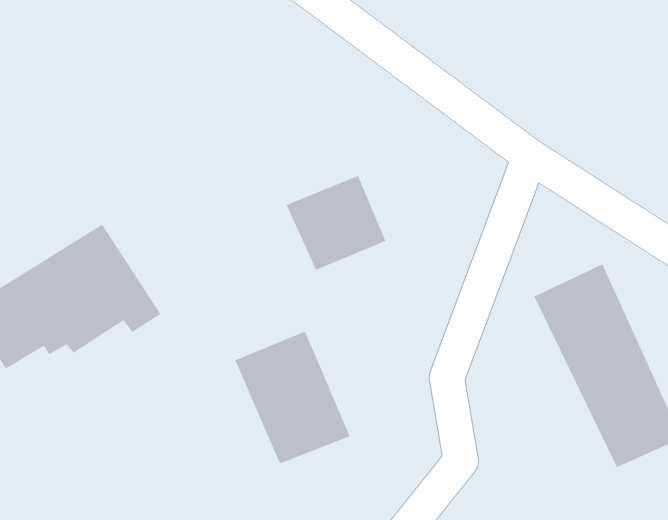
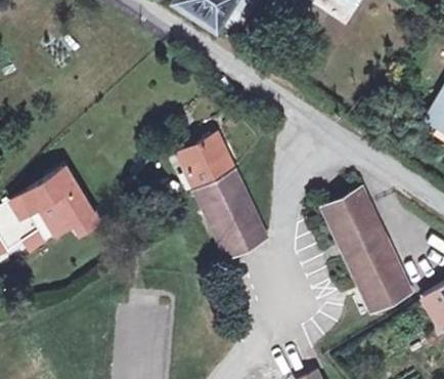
building: [234,331,350,464] -> [194,177,263,256]

